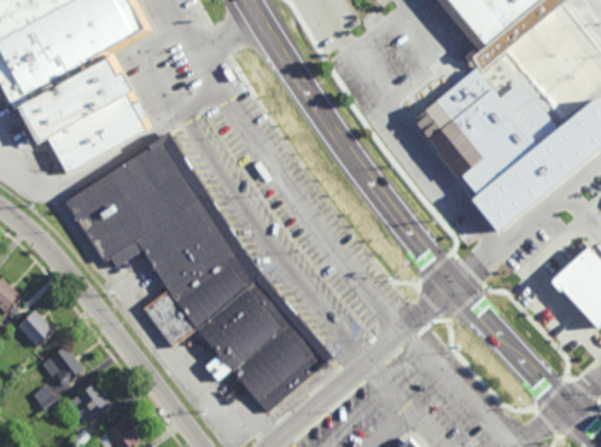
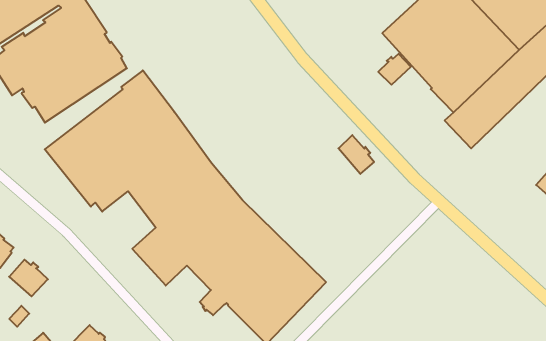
building: none -> [378,54,411,85]
building: none -> [338,135,374,174]
building: [40,344,86,387] -> none

